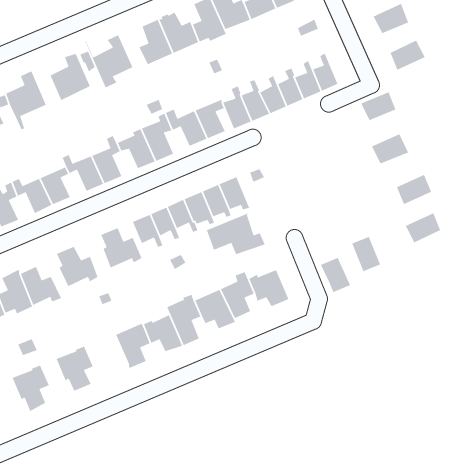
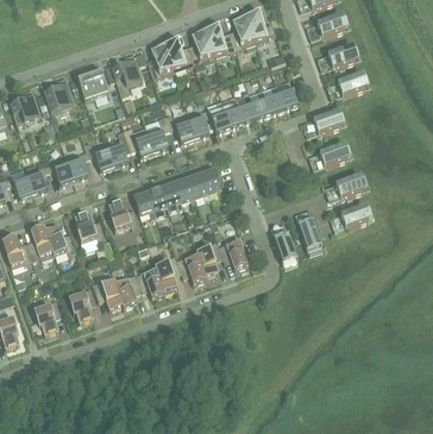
building: [206,212,266,255] -> none
building: none -> [92,279,123,308]

